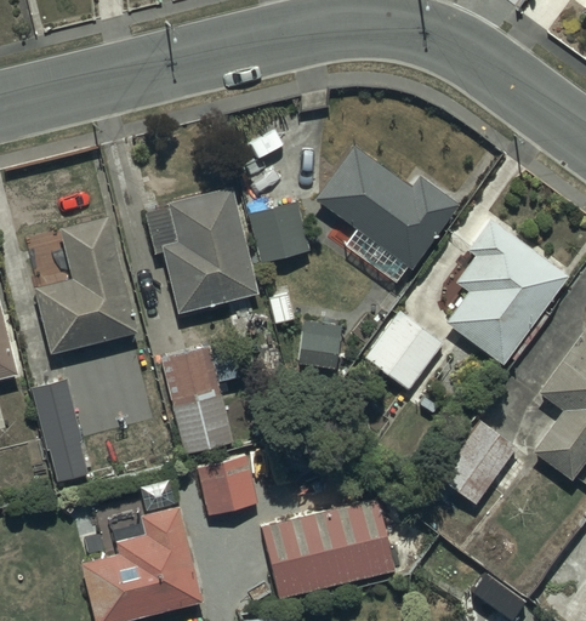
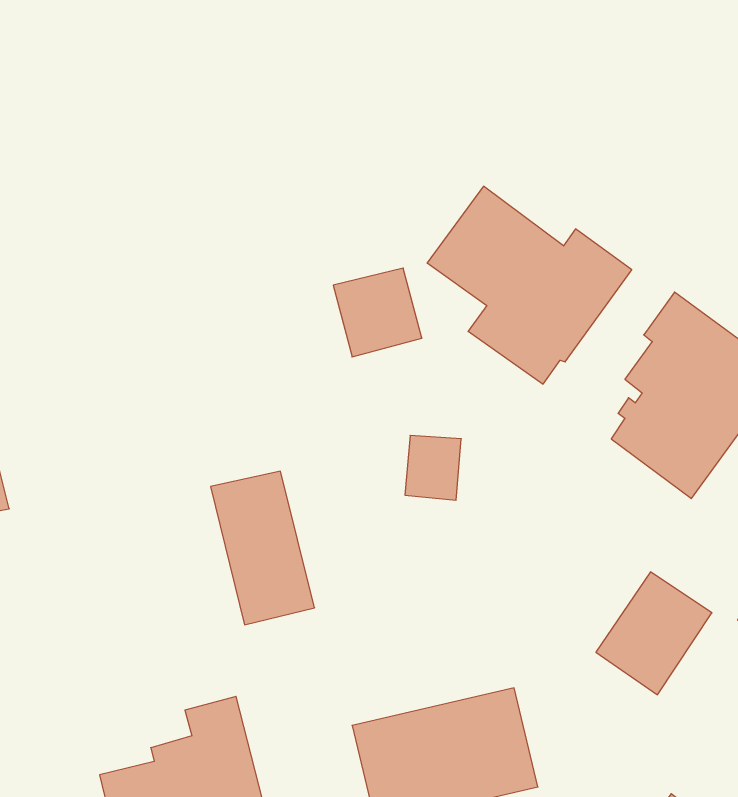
building: [146,187,258,314] -> none
building: [34,216,138,354] -> none
building: [358,312,445,392] -> none
building: [33,380,83,480] -> none
building: [198,456,260,517] -> none

